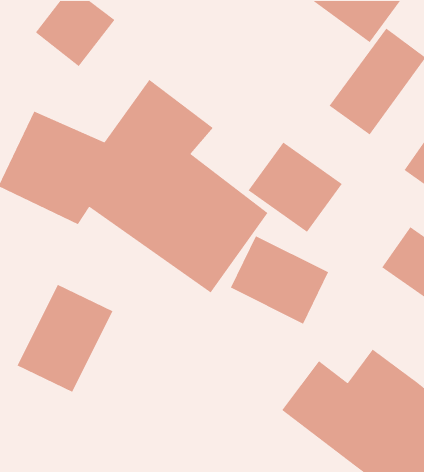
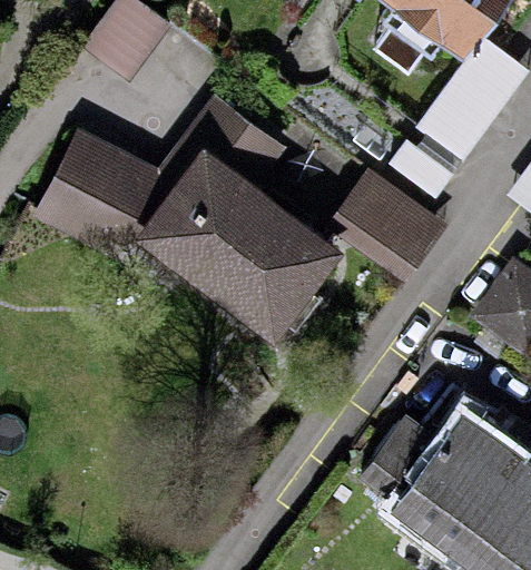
building: [230,235,329,325] -> none
building: [16,284,114,393] -> none

